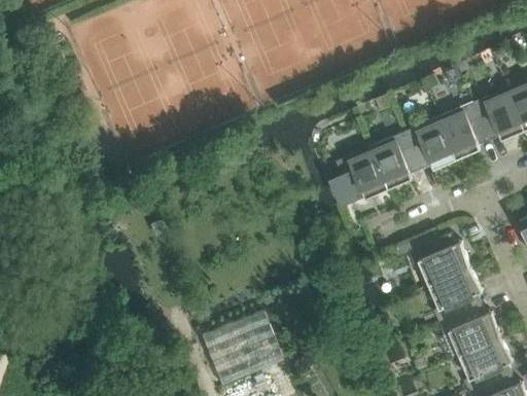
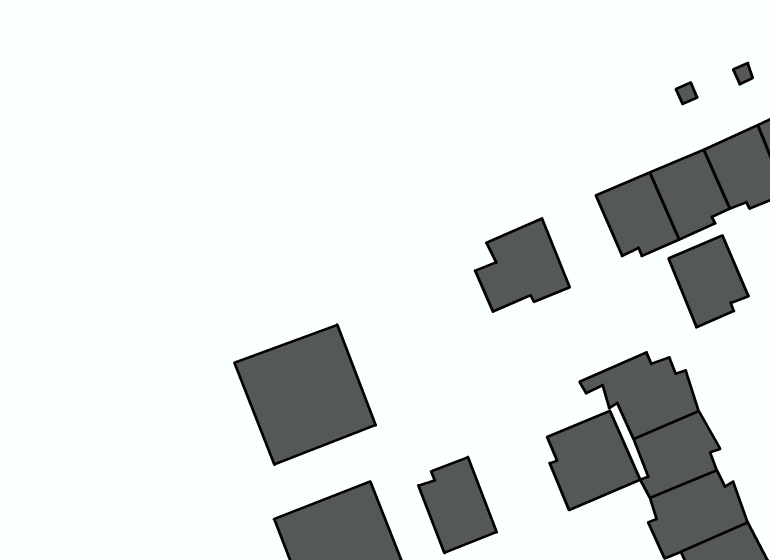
building: [372,132,422,189] -> [669,236,749,327]
building: none -> [235,325,376,465]
building: none -> [547,411,640,510]
building: none -> [418,457,497,553]

